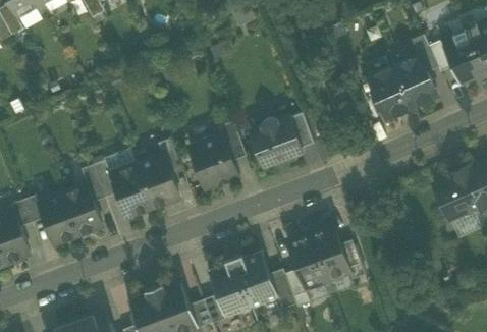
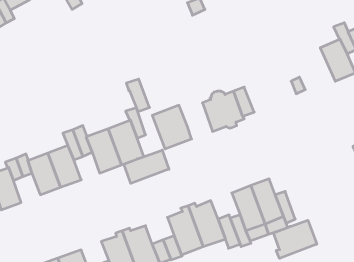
building: [368,64,413,117] -> none
building: [218,120,247,160] -> [126,79,150,112]
building: none -> [124,150,169,183]
building: none -> [273,220,317,258]

